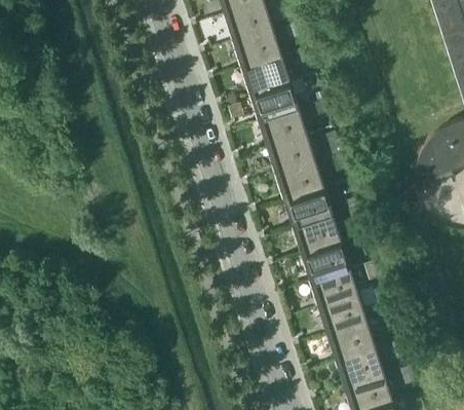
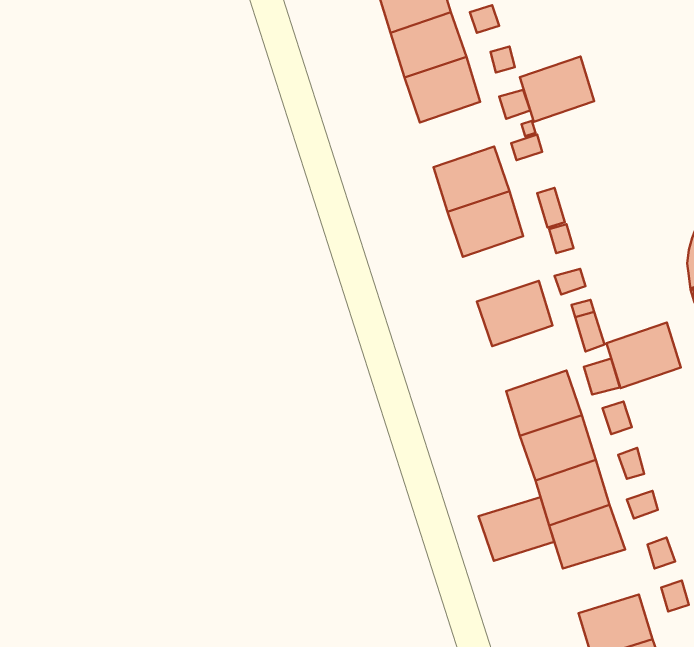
building: [254,81,298,120] -> [520,56,594,122]
building: [279,161,324,200] -> none
building: [297,215,341,254] -> [607,323,681,388]
building: [339,348,384,386] -> [478,497,554,561]

